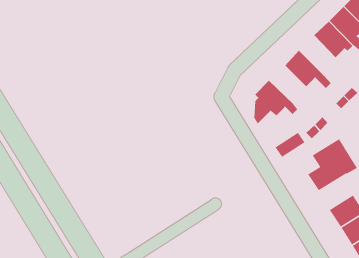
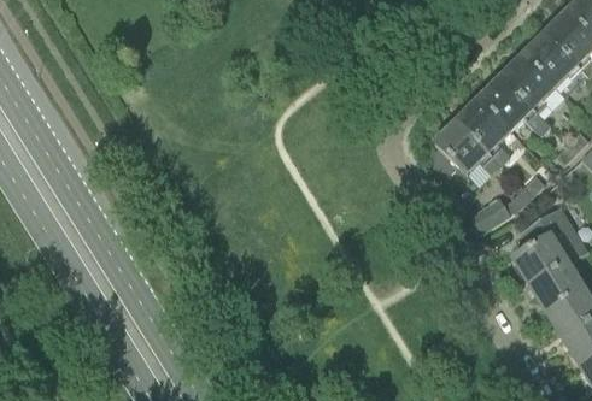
building: none -> [500,53,555,112]
building: none -> [456,98,511,163]
building: none -> [529,259,581,312]

